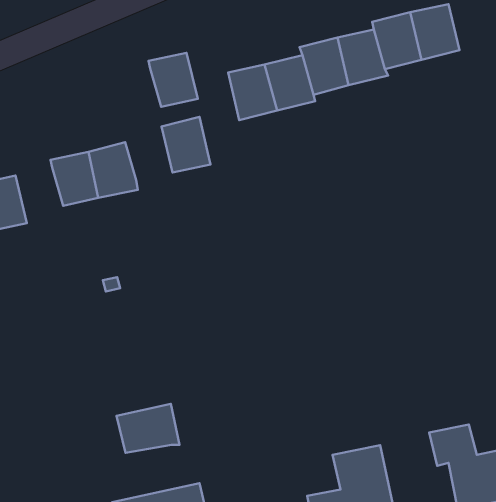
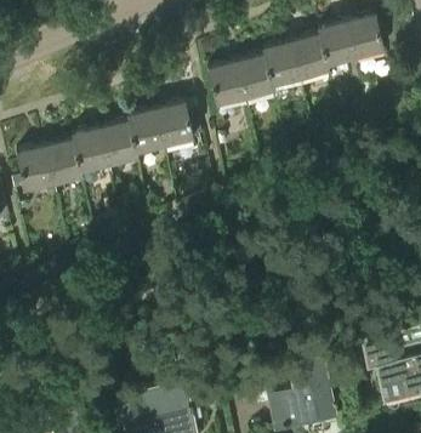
building: [149,53,198,107] -> [127,110,165,152]
building: none -> [45,142,83,184]
building: [117,404,179,453] -> none

